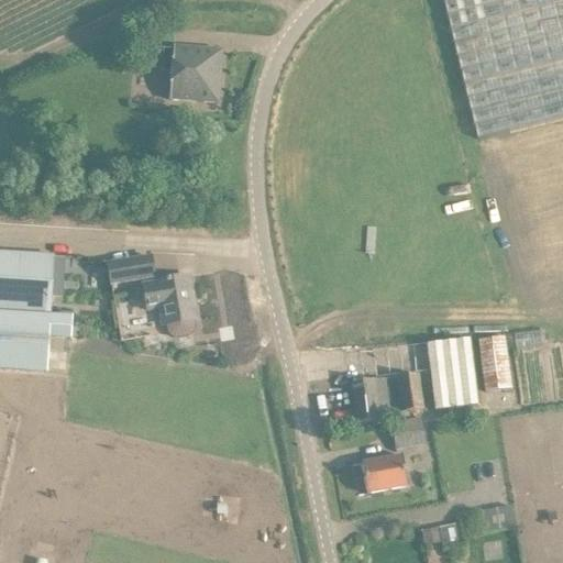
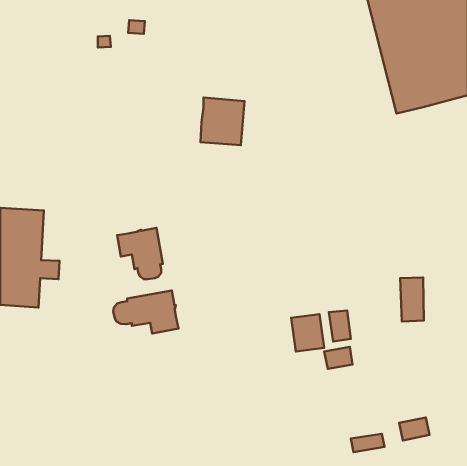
building: [169,44,222,101] -> [201,97,245,145]
building: [107,255,154,282] -> none
building: [427,338,477,409] -> none
building: none -> [113,290,178,333]
building: [362,454,407,492] -> none

